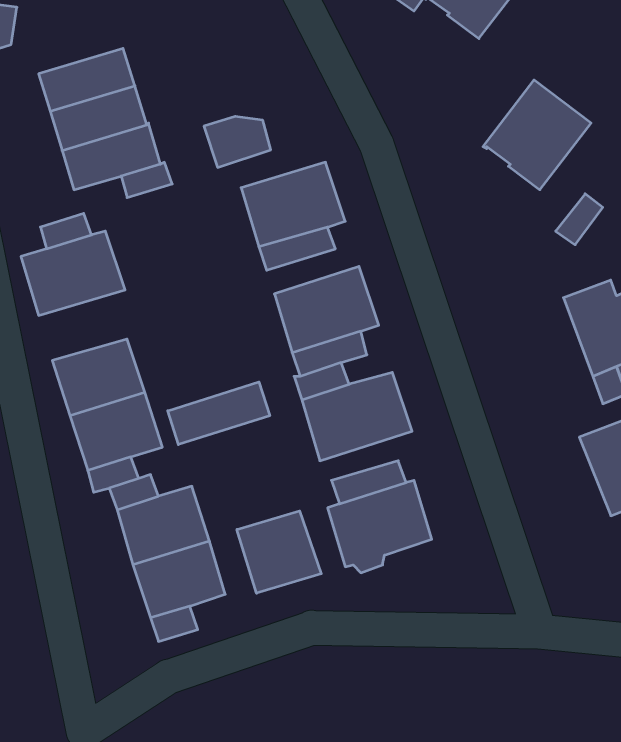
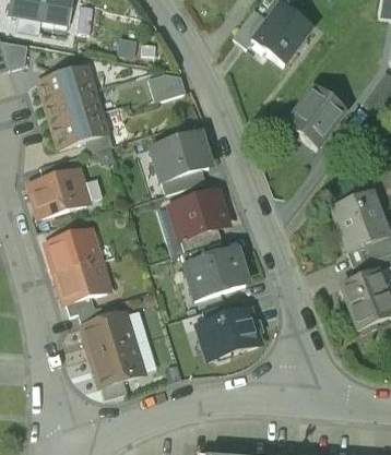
building: [204,116,271,167] -> [149,71,186,99]
building: [168,382,270,445] -> none
building: [237,511,321,593] -> none

